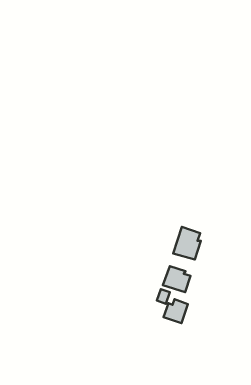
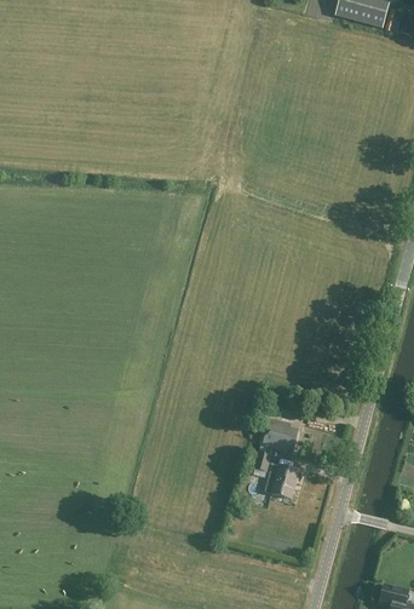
building: [173,227,201,259] -> none

